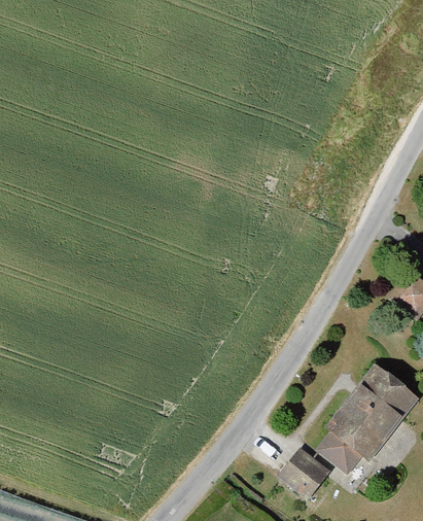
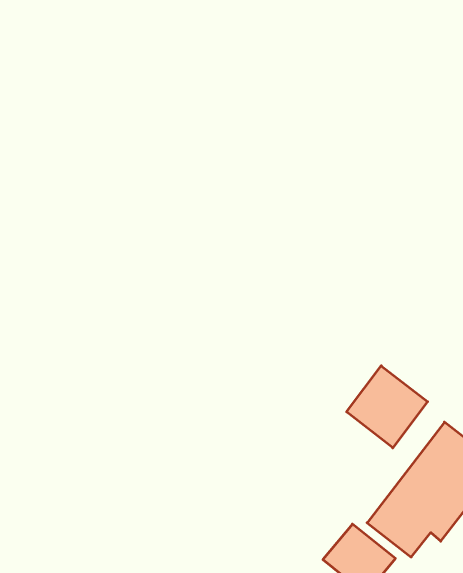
building: none -> [347,366,428,448]

